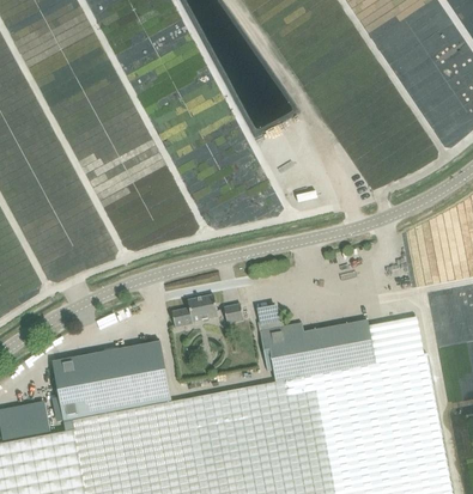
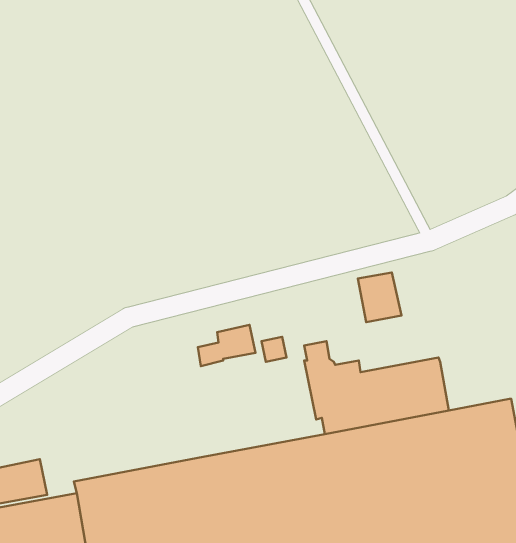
building: none -> [358,272,401,322]
building: [368,316,424,365] -> none
building: [51,343,171,423] -> none

